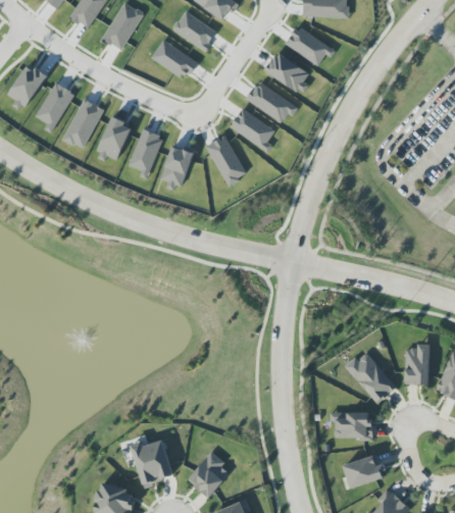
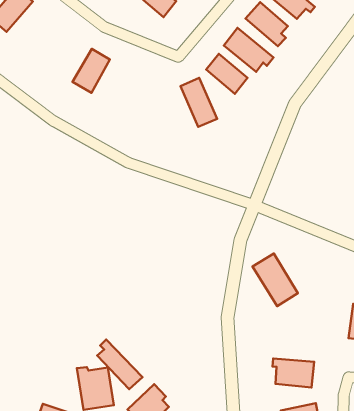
building: [35,83,75,130] -> none
building: [64,99,104,149] -> none
building: [130,130,164,178] -> none
building: [161,146,194,186] -> none
building: [347,351,396,404] -> [252,254,298,306]
building: none -> [97,340,142,389]

